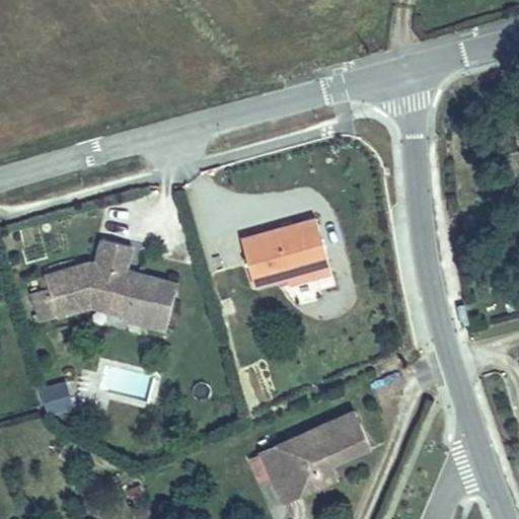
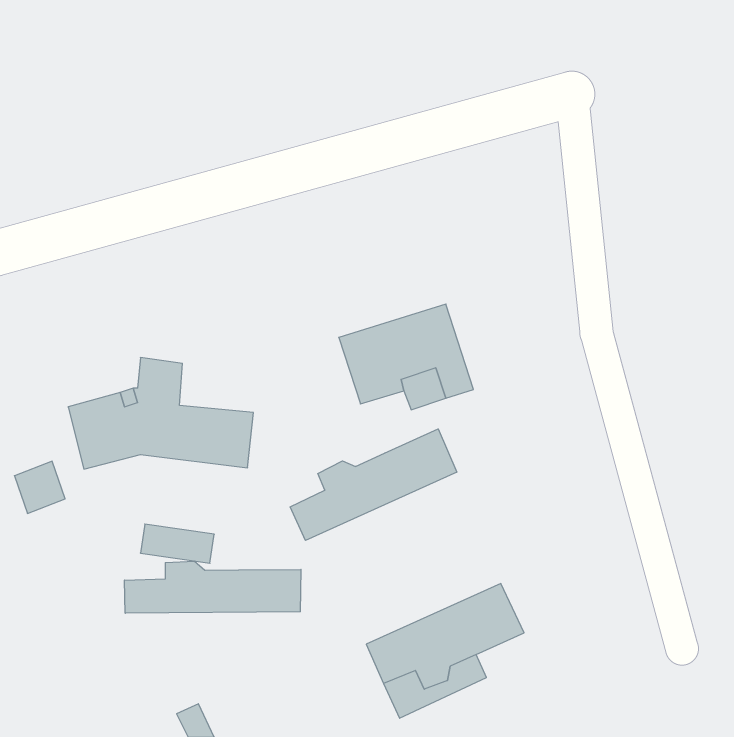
building: none -> [290,429,457,540]
building: [35,378,71,415] -> [14,461,65,513]
building: none -> [125,561,301,613]

